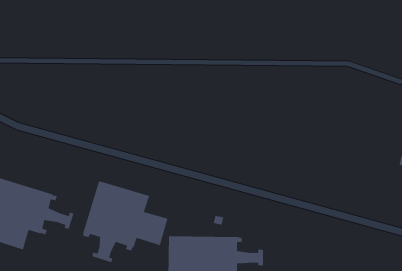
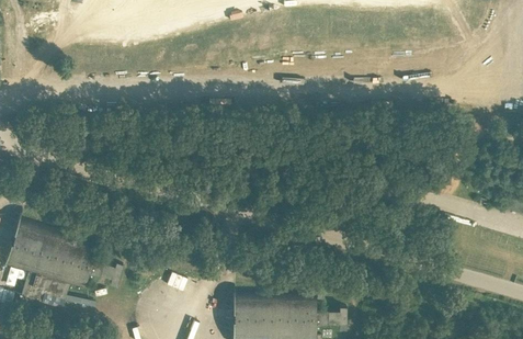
building: [82,180,169,263] -> none

